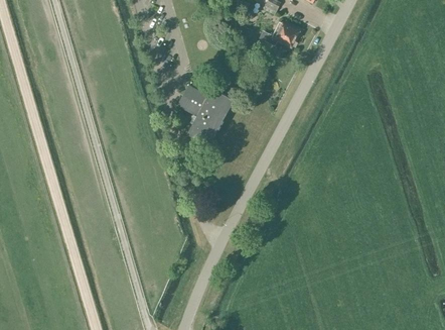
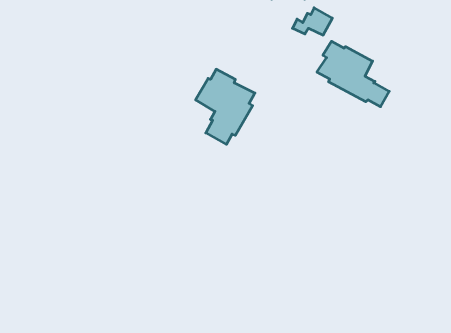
building: none -> [317,41,389,107]

